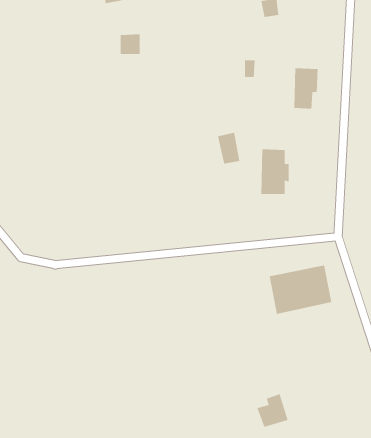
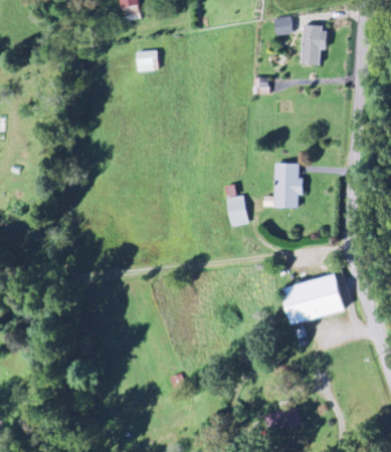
building: [294,68,318,109] -> [301,24,325,64]
building: [217,132,240,164] -> [225,195,247,226]

